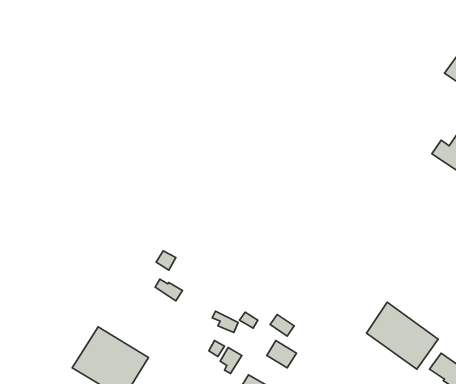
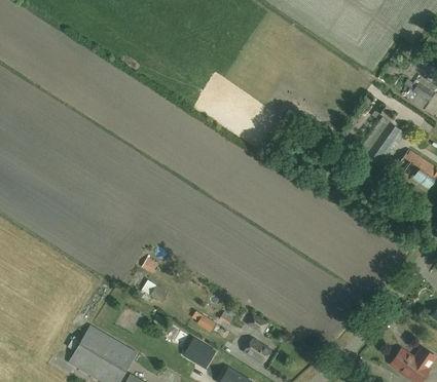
building: none -> [358,117,406,169]
building: [366,302,438,369] -> none

